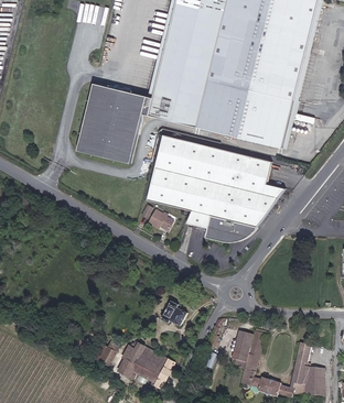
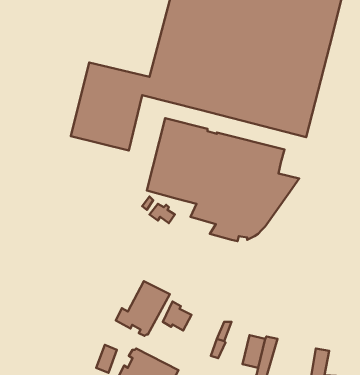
building: none -> [116,281,170,336]

